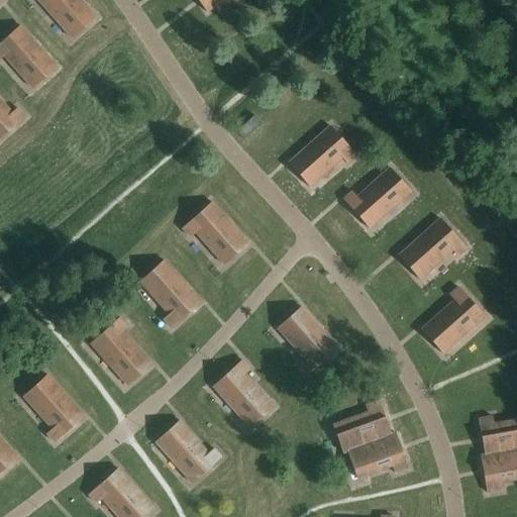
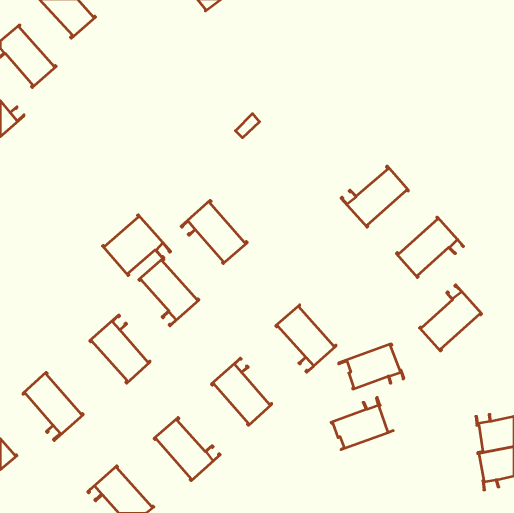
building: [288,125,355,186] -> none
building: none -> [102,215,171,276]
building: [342,432,408,478] -> [339,344,404,389]

